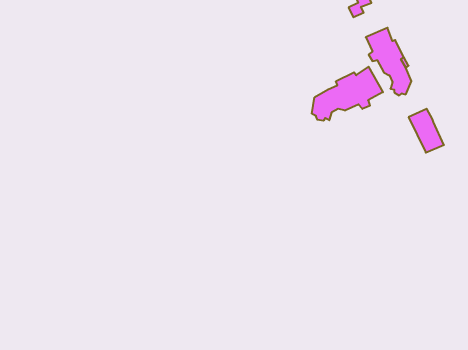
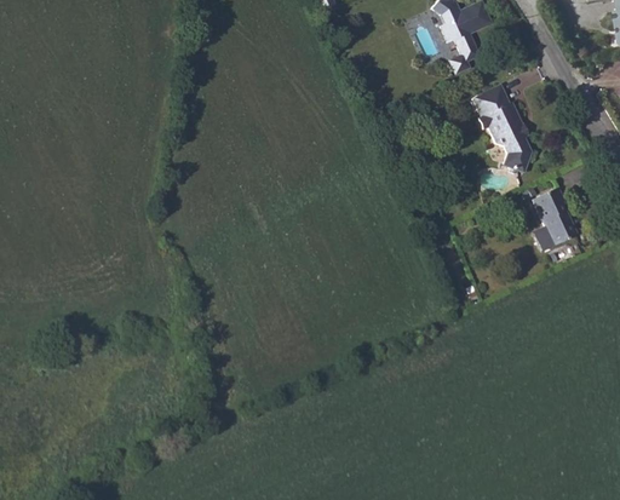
building: [312,67,383,121] -> none

